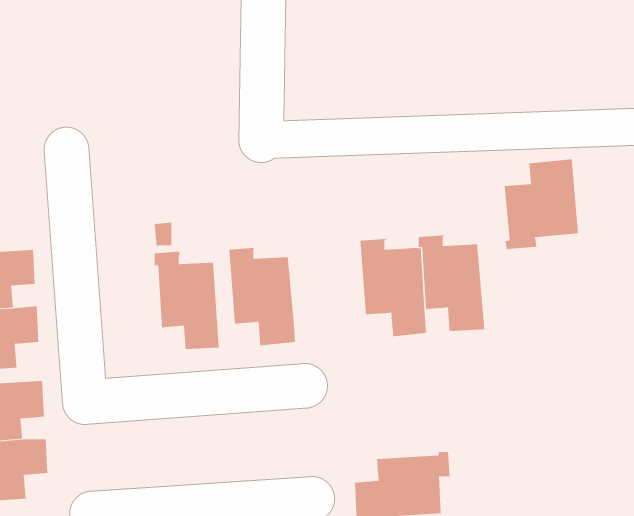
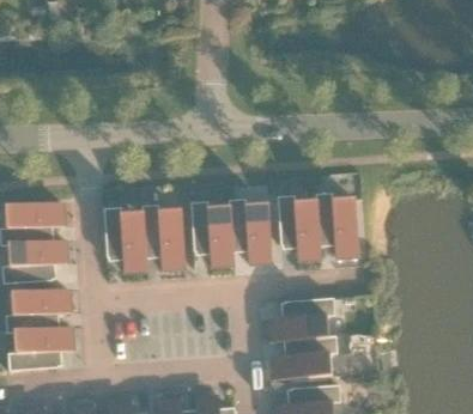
building: [504,159,579,250] -> none
building: none -> [229,199,273,262]
building: none -> [104,207,148,270]
building: none -> [271,298,335,341]

